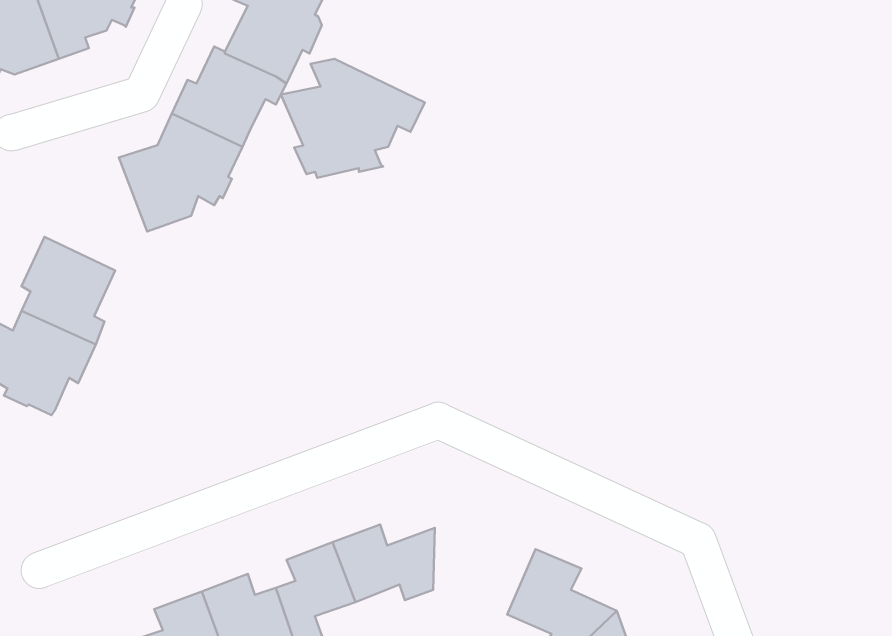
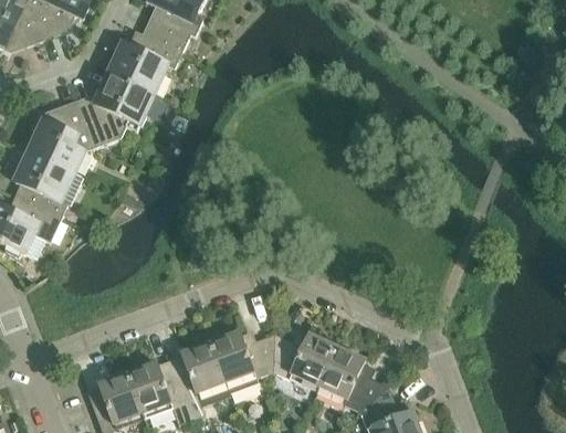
building: [281,59,425,178] -> none
building: none -> [29,101,93,171]
building: none -> [272,332,336,387]

